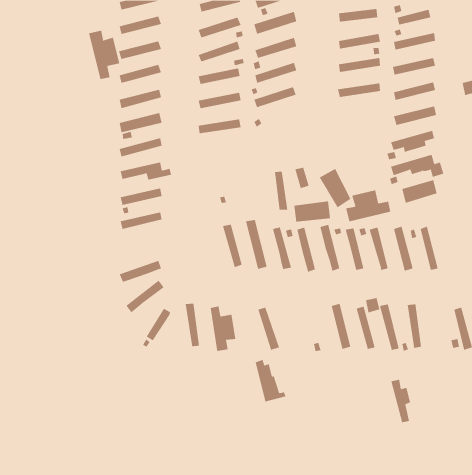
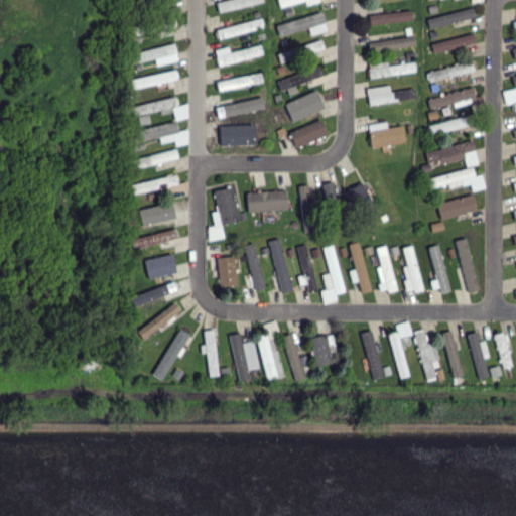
building: [88,30,120,80] -> none
building: none -> [291,120,329,149]
building: none -> [370,127,406,148]
building: none -> [215,187,241,225]
building: [346,189,391,222] -> none
building: [294,201,331,222] -> [251,189,291,213]
building: none -> [146,254,177,279]
building: none -> [219,257,241,287]
building: none -> [309,336,336,367]
building: [255,359,286,402] -> [257,334,291,380]
building: [390,379,411,423] -> [468,331,490,378]

